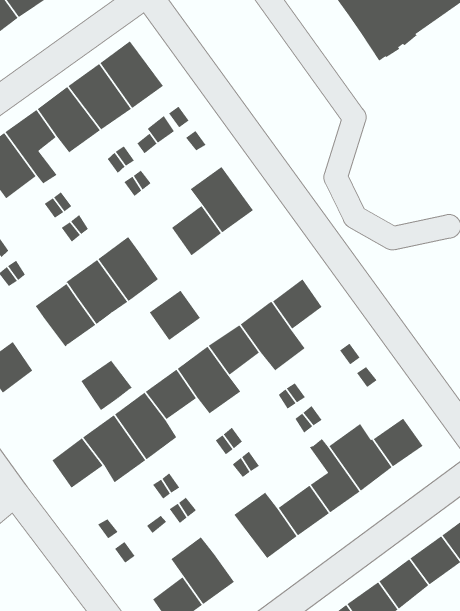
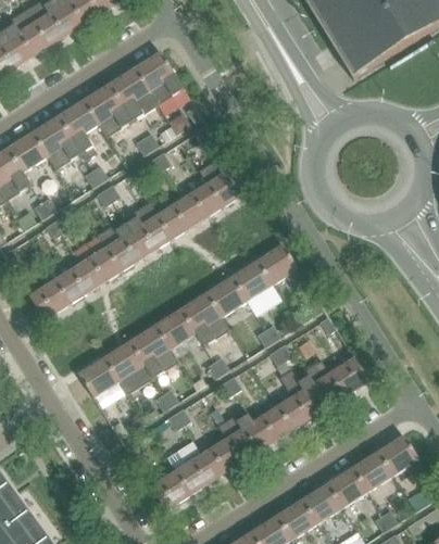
building: [149,290,201,341] -> [156,199,197,238]
building: [81,360,133,411] -> [54,264,95,303]
building: none -> [201,438,241,477]

